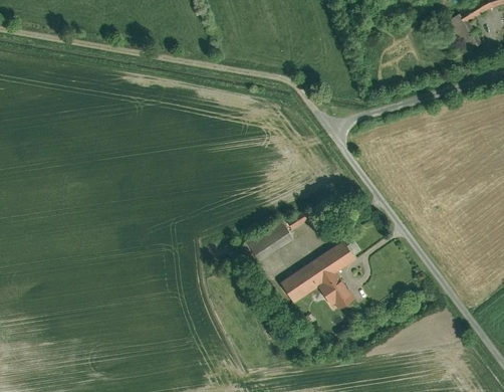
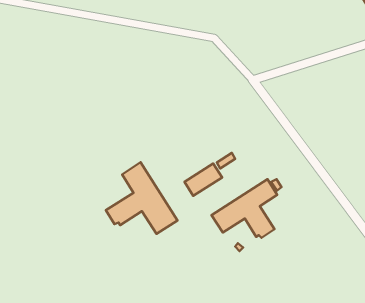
building: none -> [106,162,178,234]

